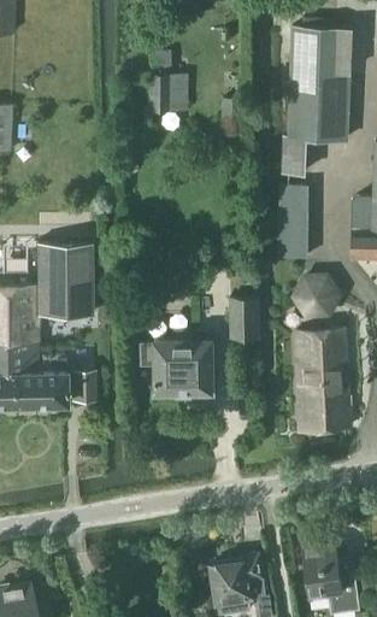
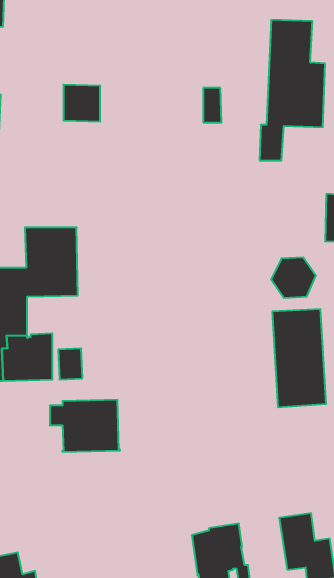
building: [149,75,188,113] -> [63,85,100,122]
building: [277,186,307,259] -> none
building: [230,300,260,340] -> none
building: [141,340,214,394] -> [50,400,120,452]

